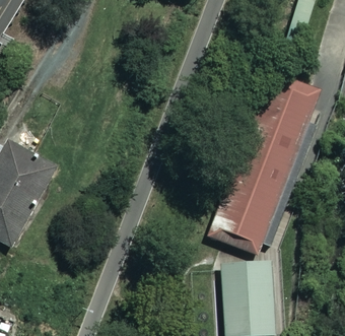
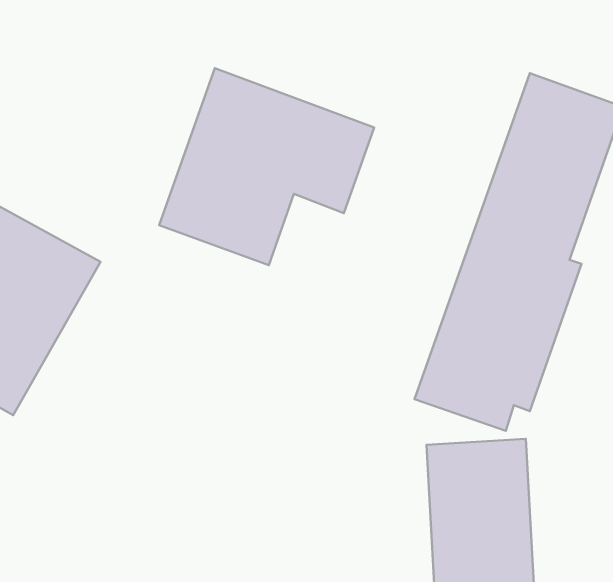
building: none -> [159,68,374,265]

